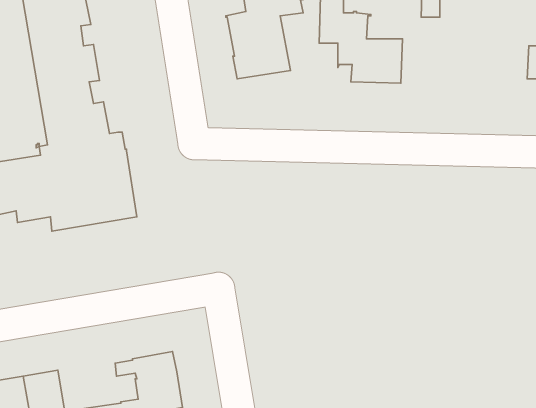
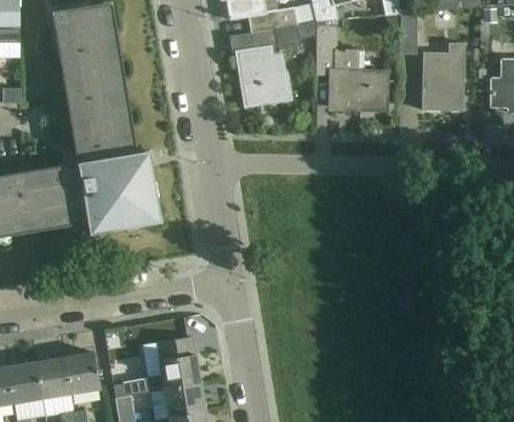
building: none -> [421,45,462,110]

